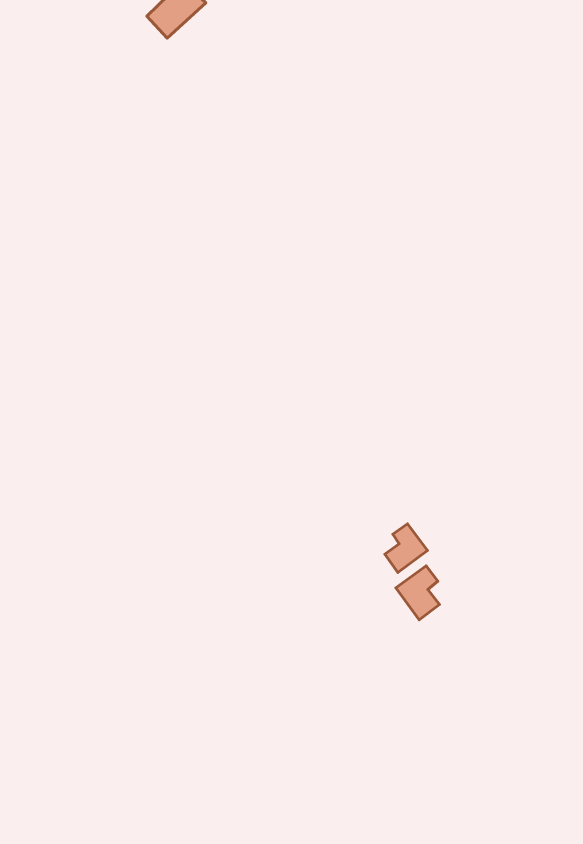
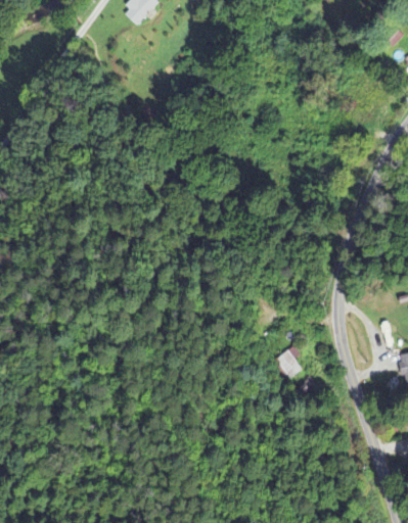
building: [385,524,428,572] -> none

